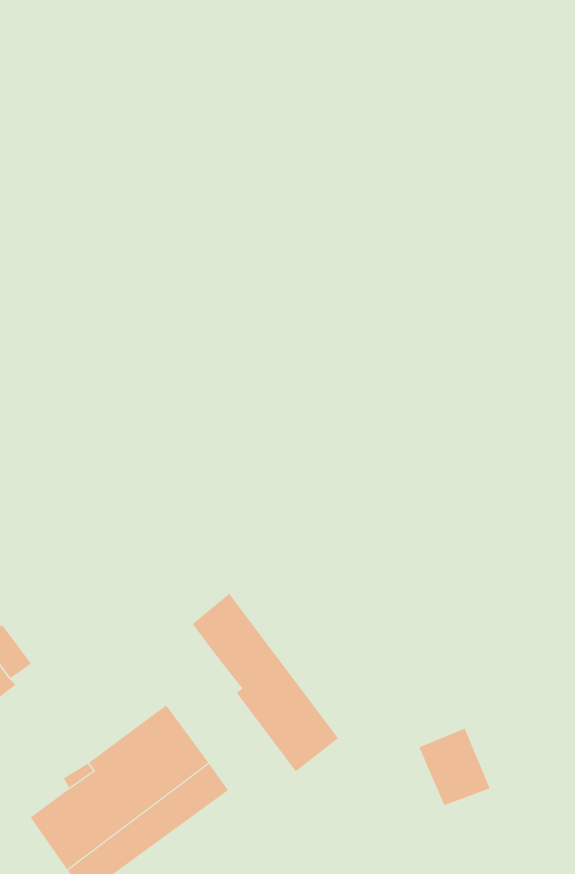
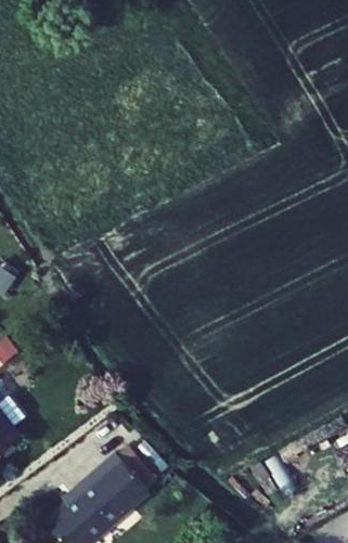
building: [192,593,339,772] -> none

